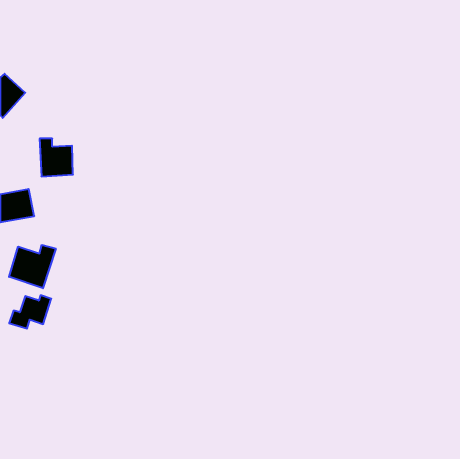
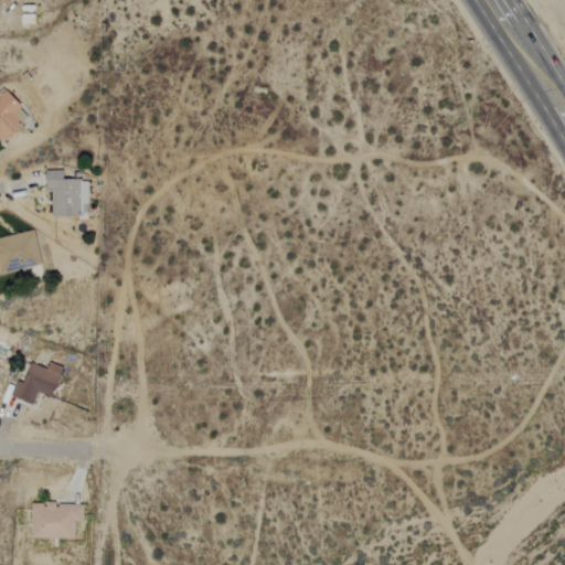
building: [9,245,56,288] -> none
building: none -> [30,503,84,539]

